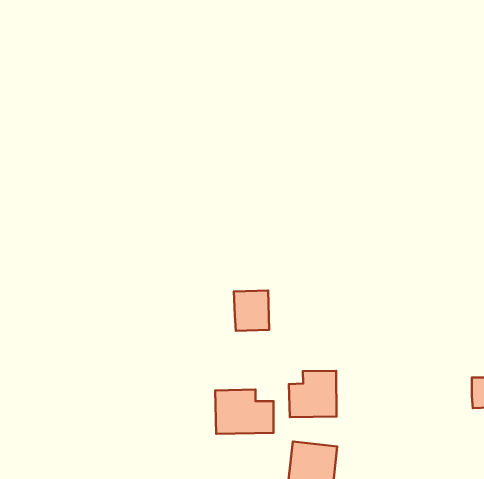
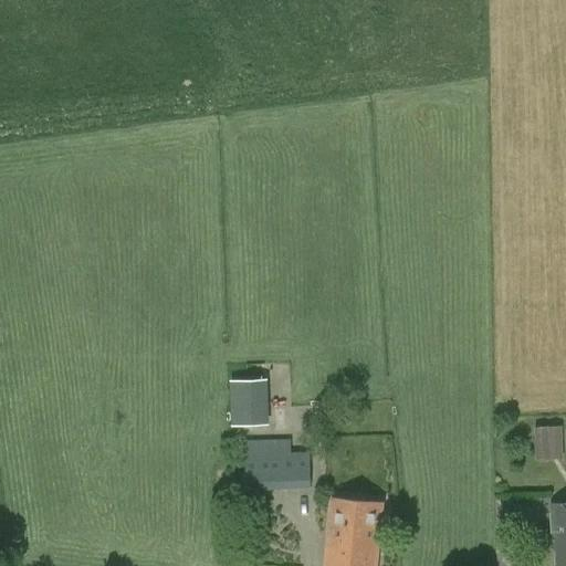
building: [234,291,269,331] -> [229,380,269,426]
building: [289,371,337,417] -> none

